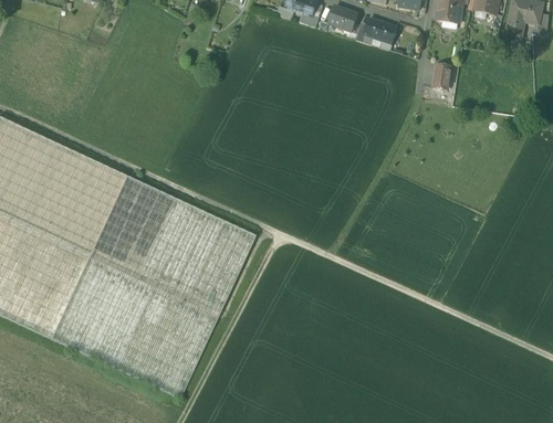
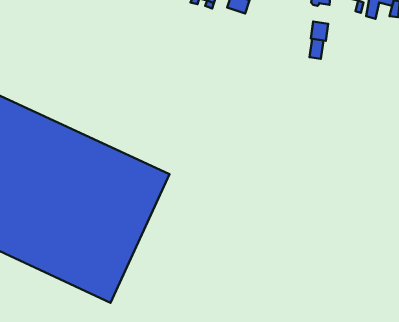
building: [364,18,396,43] -> none
building: none -> [311,21,328,41]

